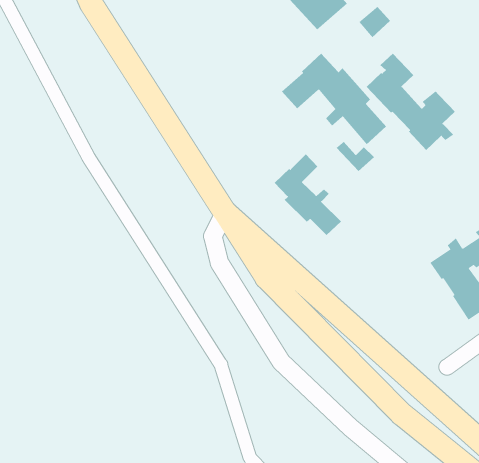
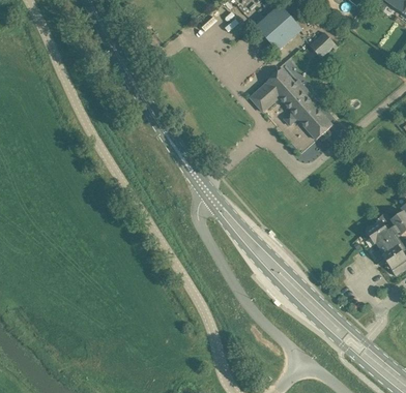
building: [366,53,456,151] -> none
building: [274,154,342,236] -> none

